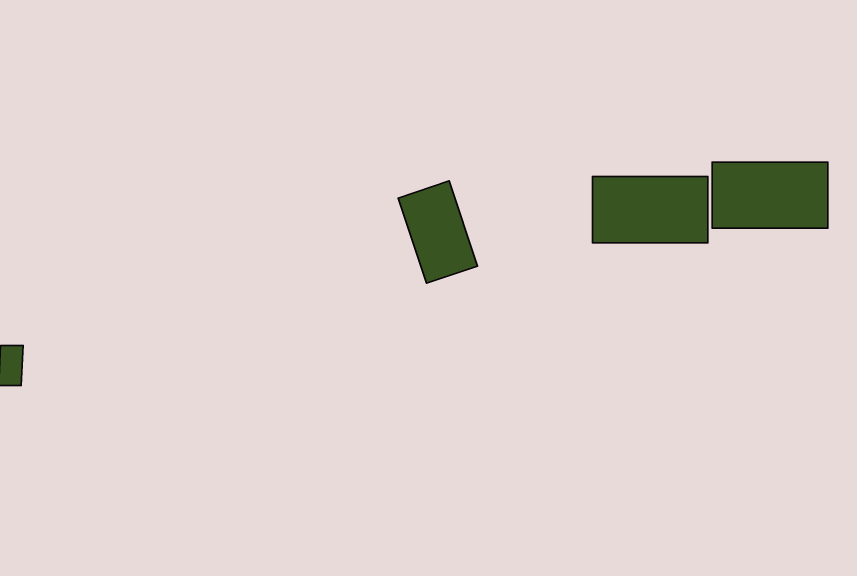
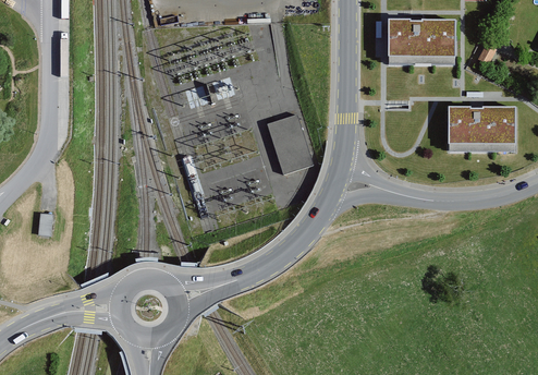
building: [592,177,708,243] -> [388,19,454,57]

